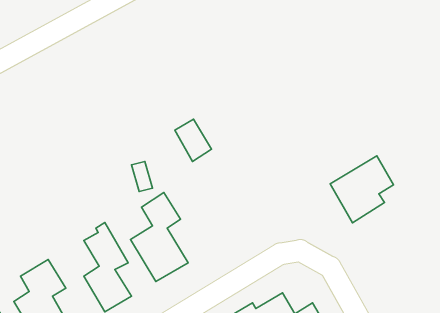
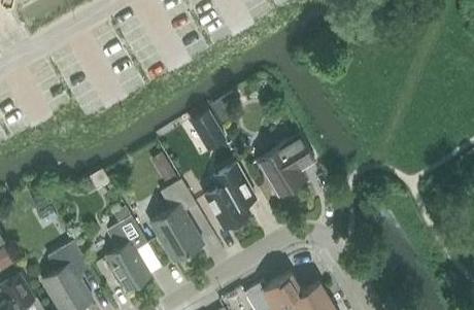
building: [330,156,393,223] -> [257,135,315,197]
building: none -> [205,164,257,229]

